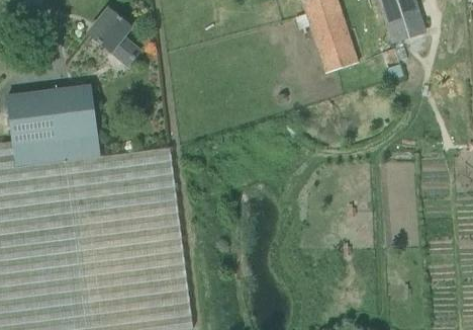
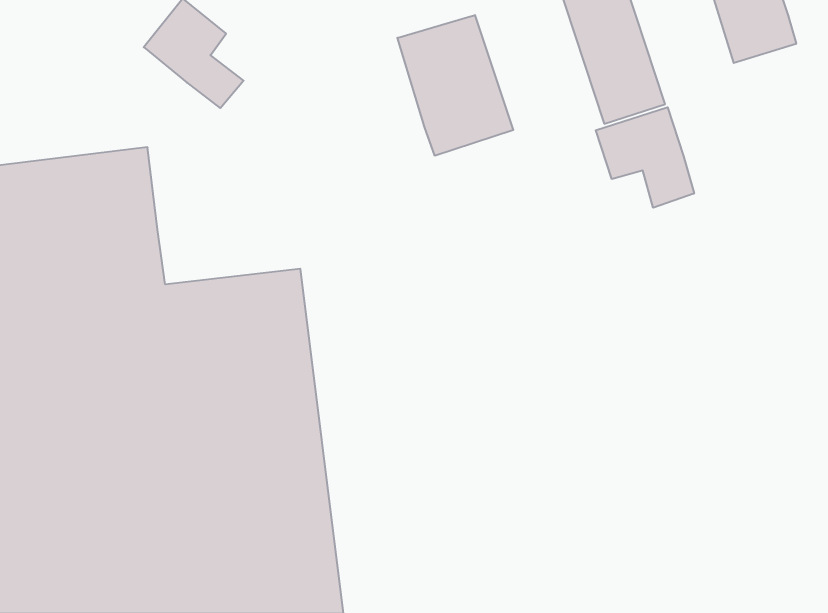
building: none -> [397,15,513,156]
building: none -> [596,107,694,208]

